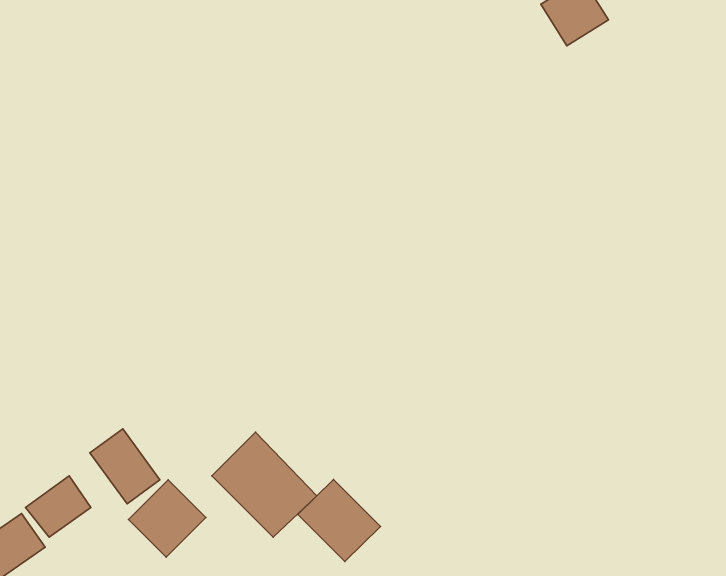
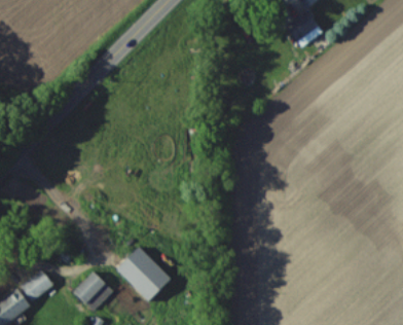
building: [90,429,160,504] -> none
building: [298,479,381,561] -> none

